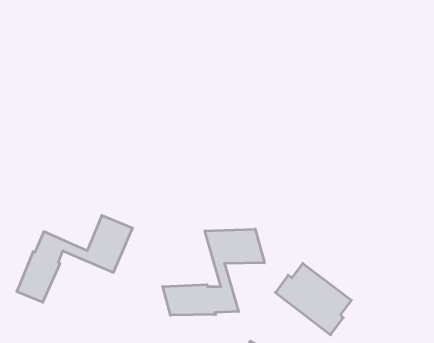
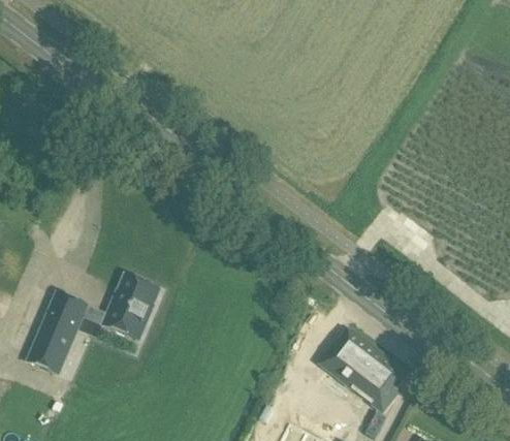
building: [163,229,264,315] -> none

